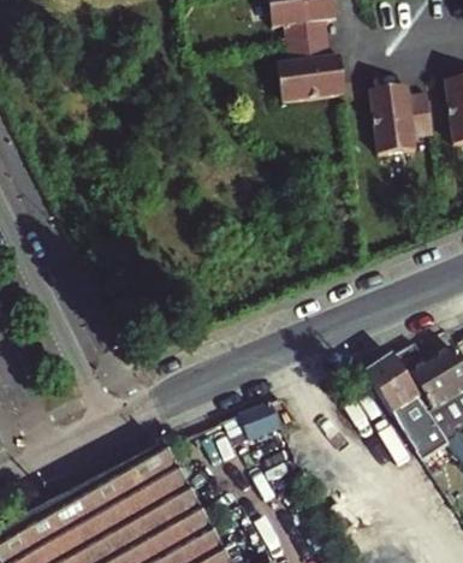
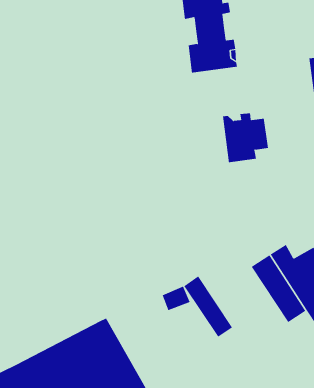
building: [369,88,434,158] -> [222,113,269,163]
building: none -> [183,275,233,337]

